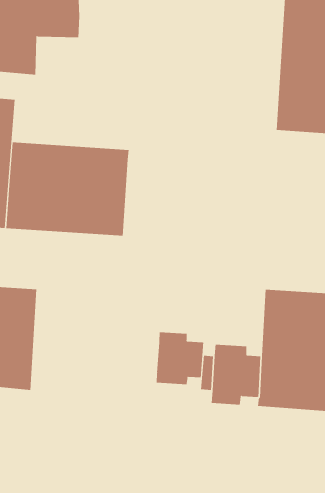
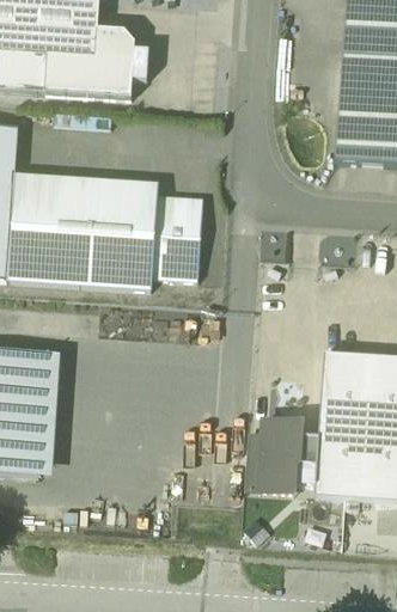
building: none -> [44,20,134,97]
building: none -> [152,195,202,280]
building: [156,331,204,385] -> none

